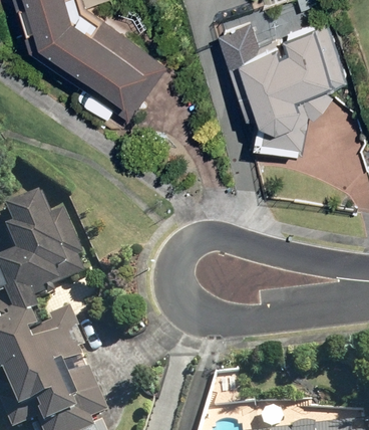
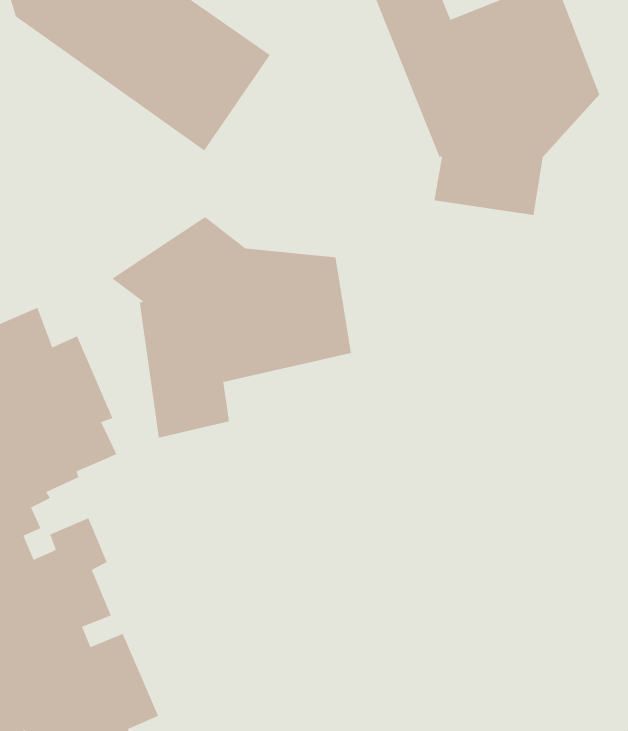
building: none -> [111,216,352,439]

